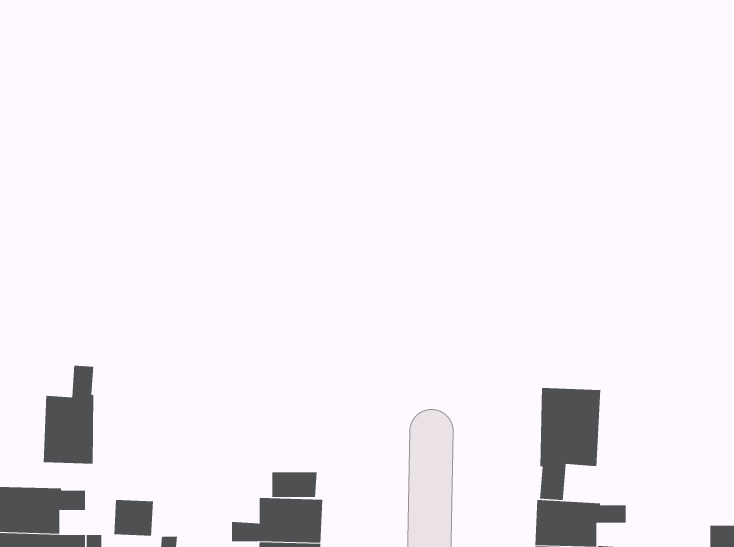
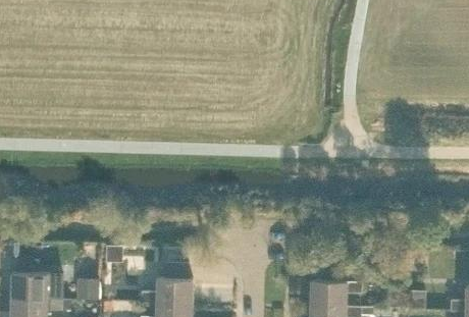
building: [43,365,94,464] -> none
building: [540,387,601,501] -> none

